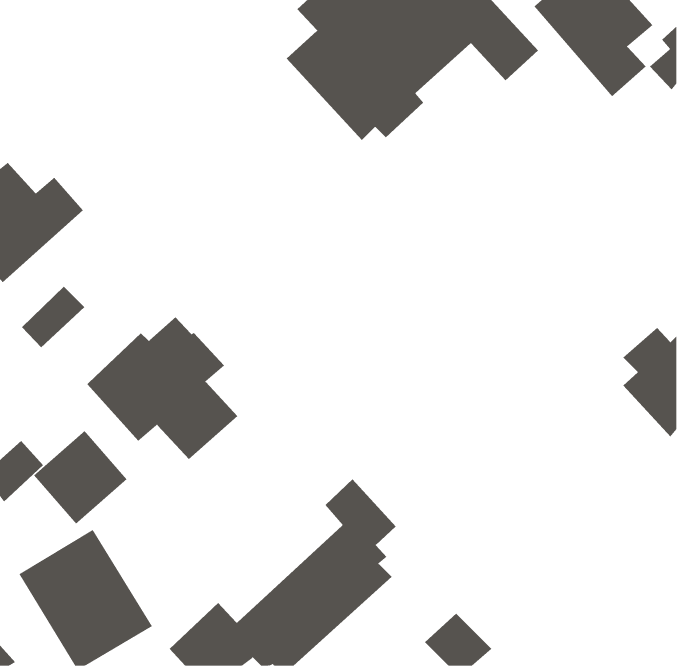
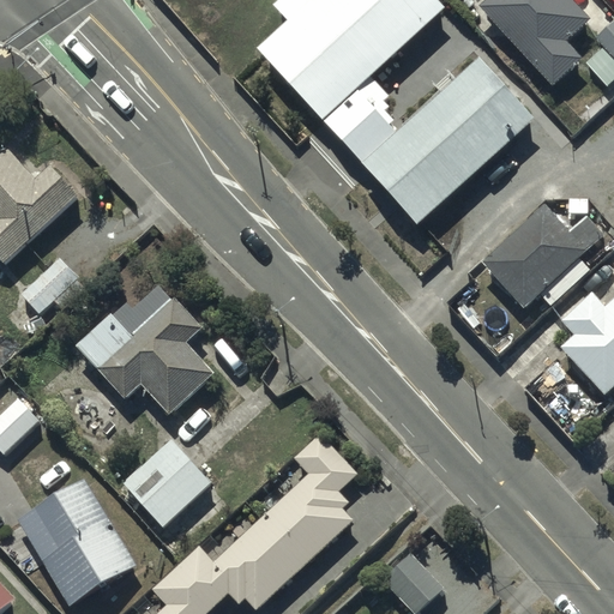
building: none -> [363,62,534,227]
building: none -> [483,205,604,306]
building: [33,430,128,525] -> [124,439,209,524]

